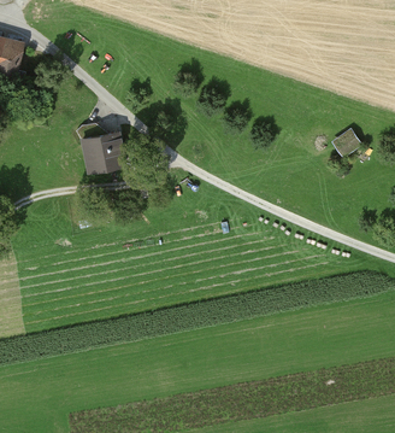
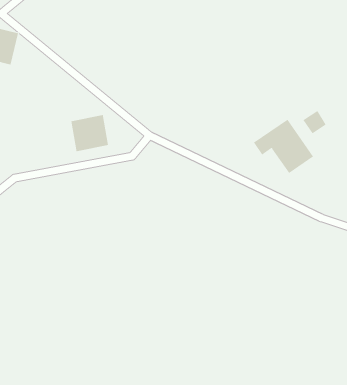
building: none -> [253,119,314,174]

